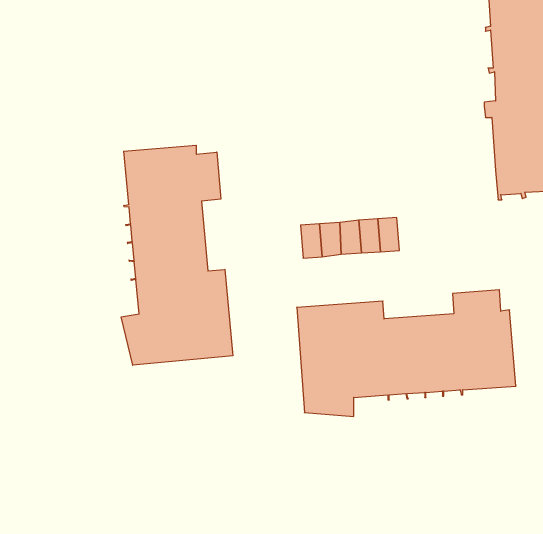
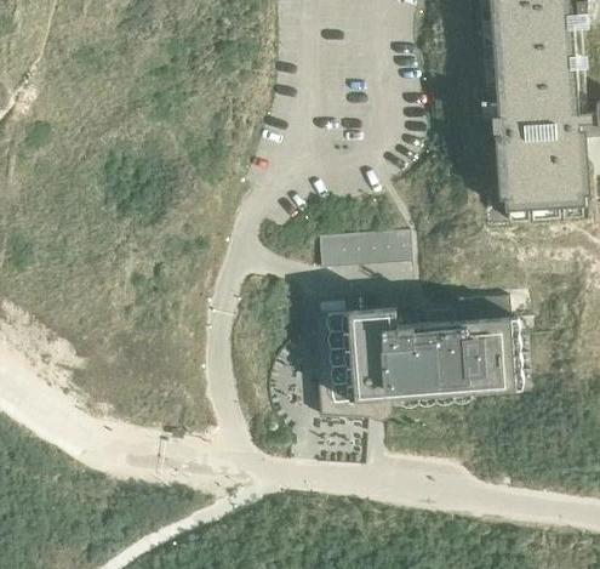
building: [121,145,233,365] -> none

